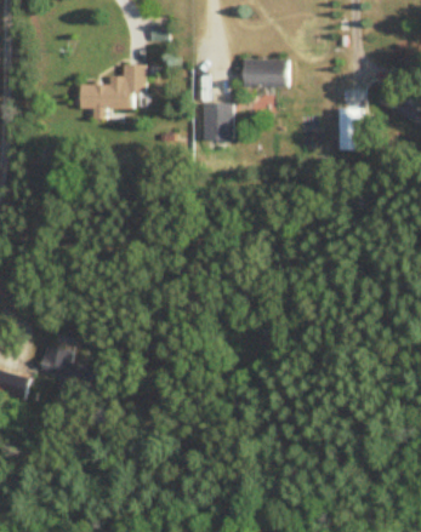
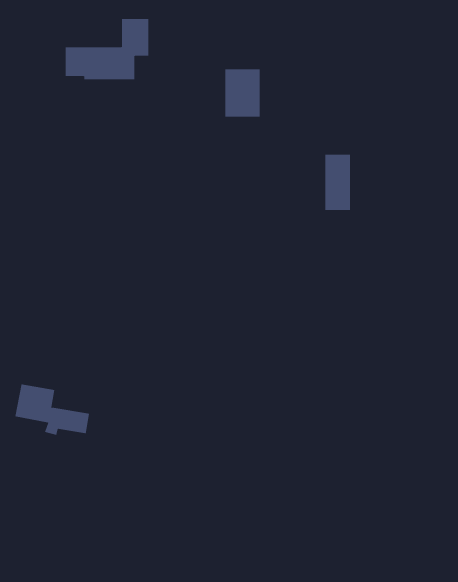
building: [244,58,288,85] -> none
building: [341,105,362,149] -> [324,154,351,211]

